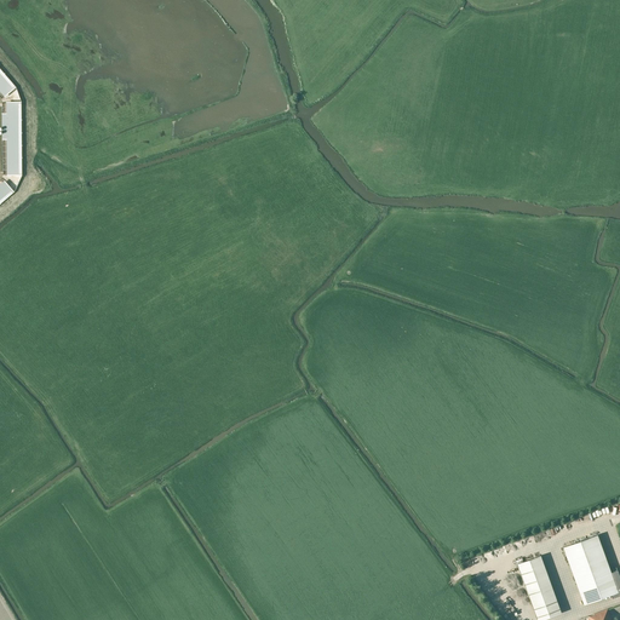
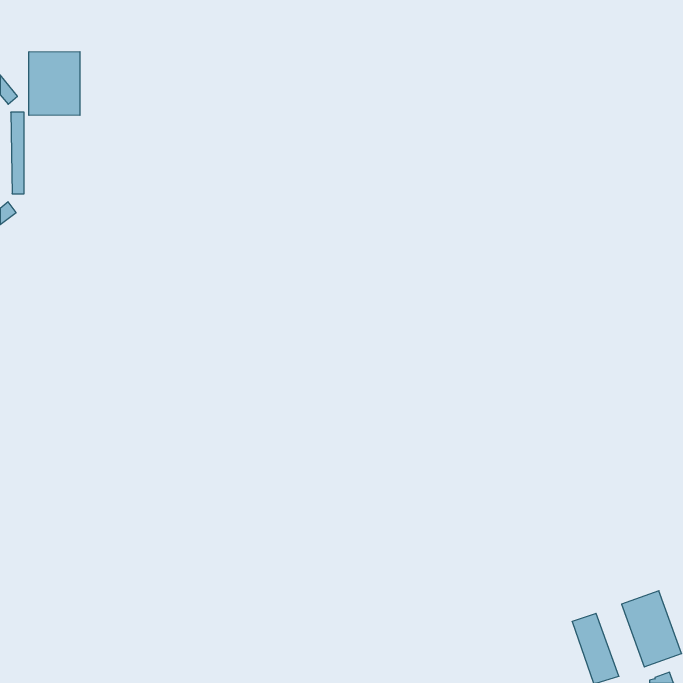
building: none -> [29,52,80,115]

